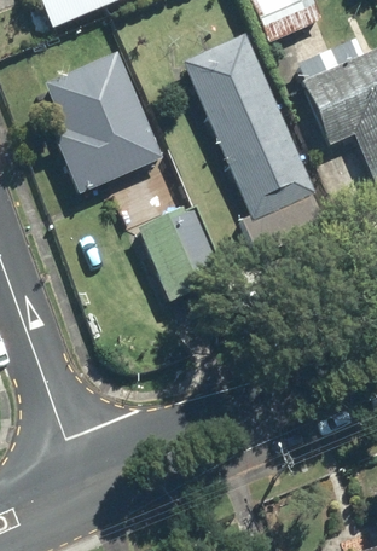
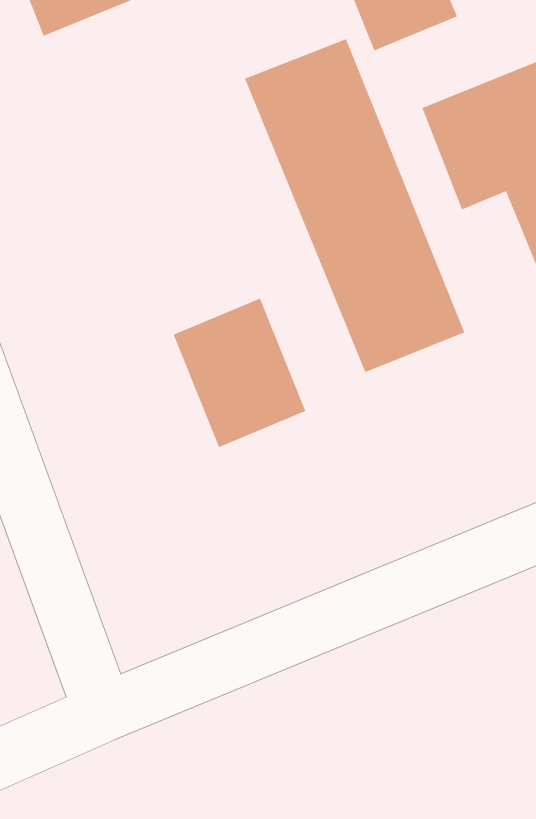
building: [44,51,162,195] -> none

